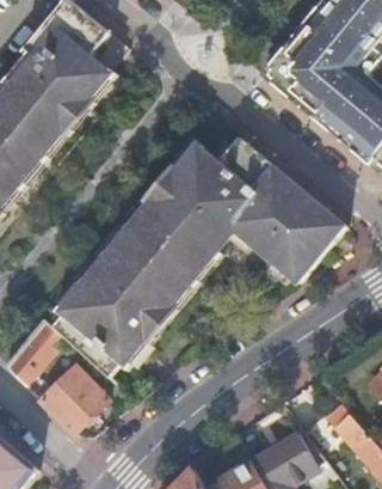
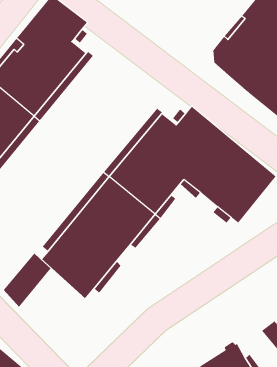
building: [38,367,106,433] -> none

